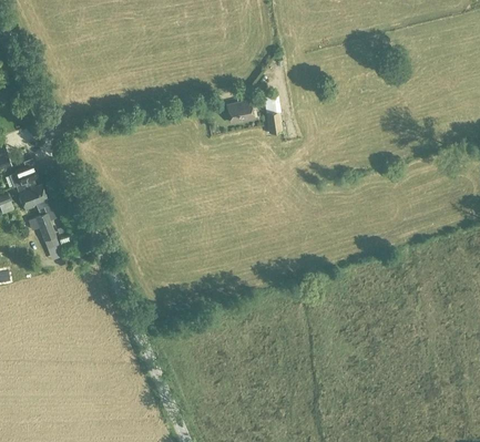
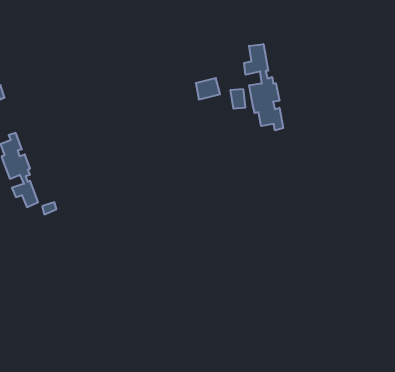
building: none -> [244,44,283,130]

